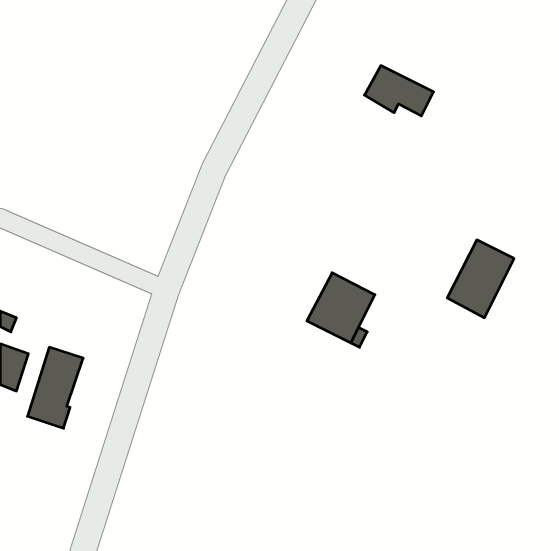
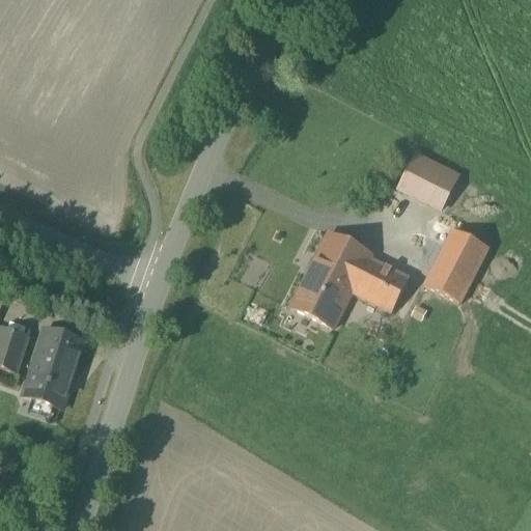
building: [364,66,434,116] -> [400,150,466,198]
building: none -> [315,232,410,310]

